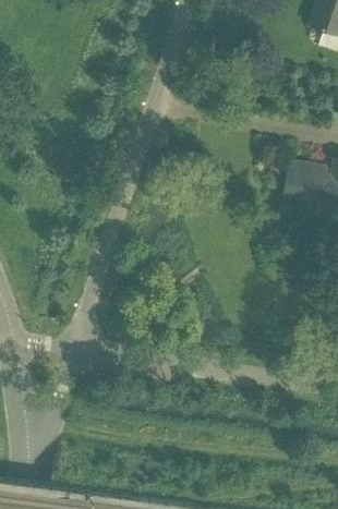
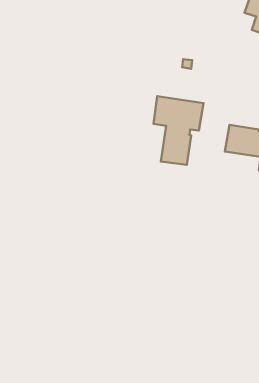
building: none -> [153,96,203,165]

